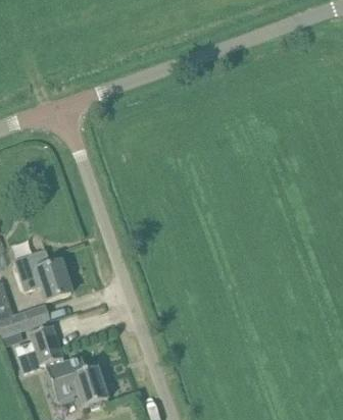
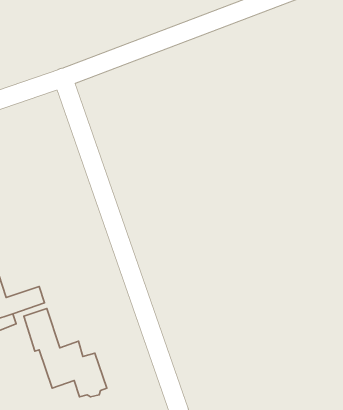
building: [14,248,71,300] -> none

